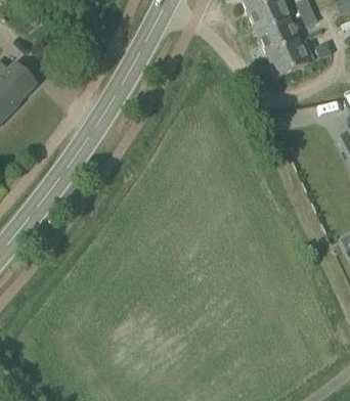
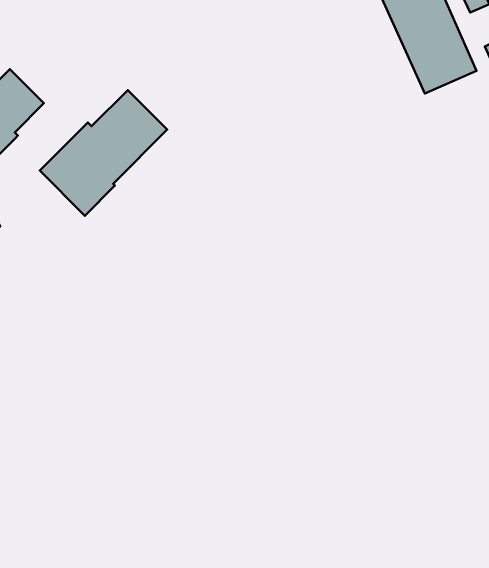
building: none -> [40,90,167,216]

